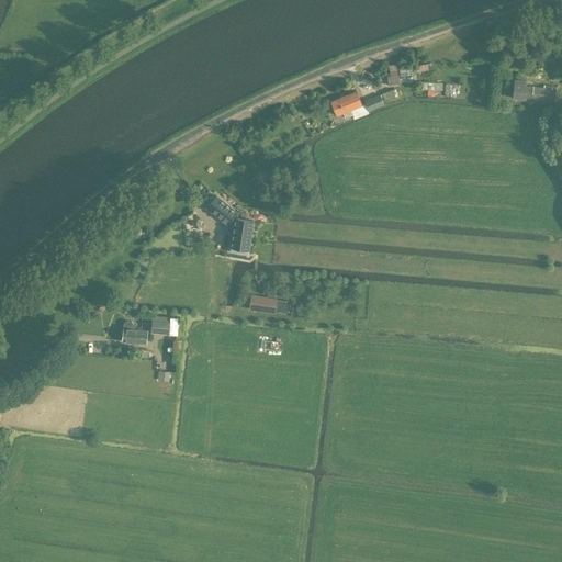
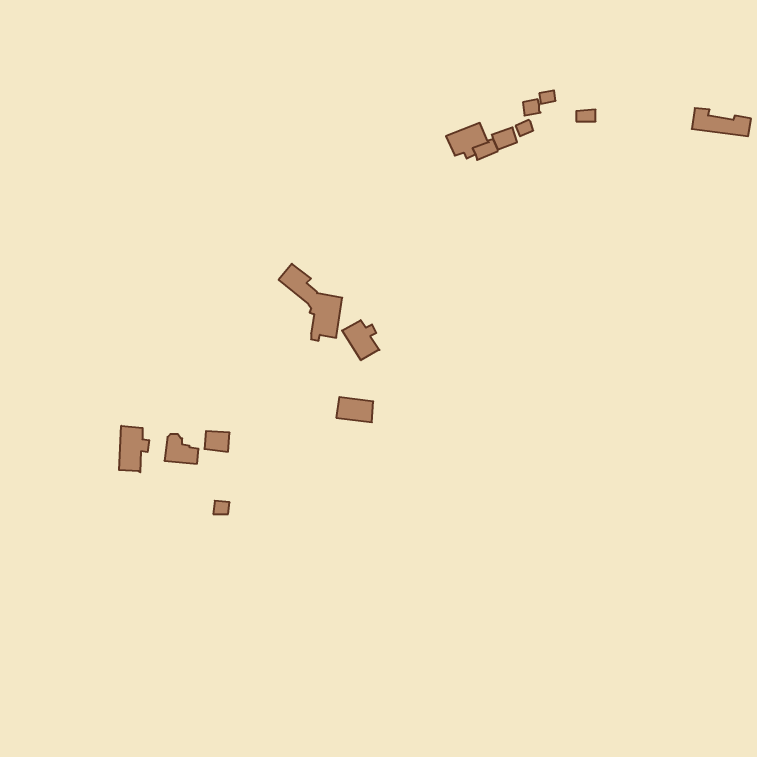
building: none -> [342,320,380,360]
building: none -> [119,426,149,472]

